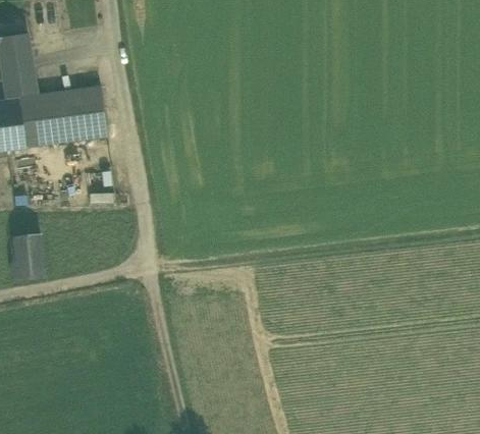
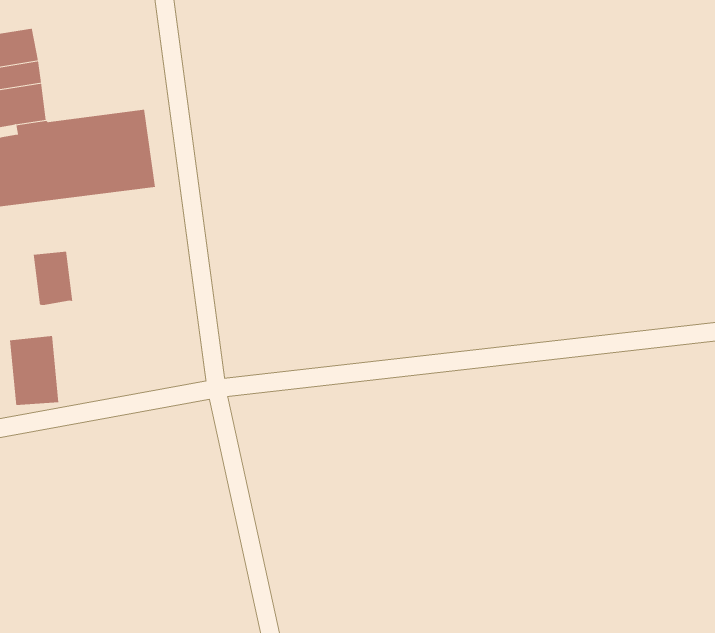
building: none -> [33,251,73,306]

